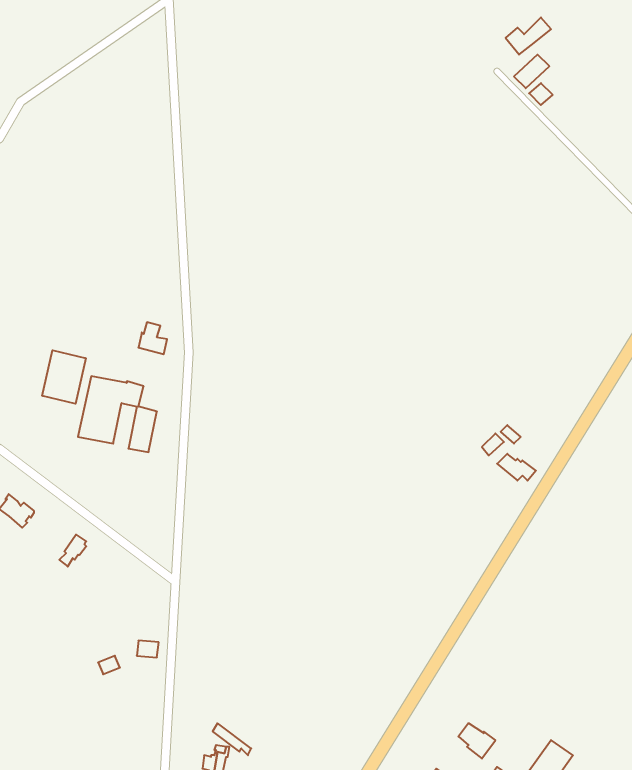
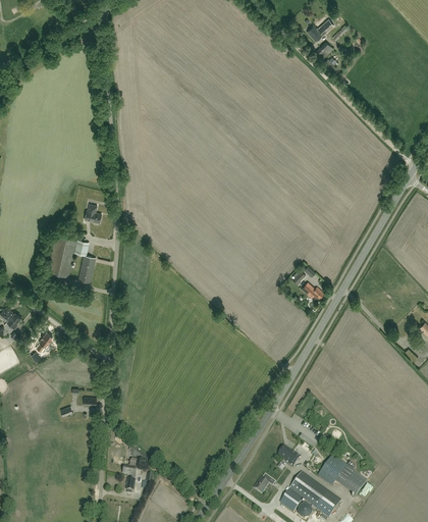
building: [42,350,86,404] -> none

